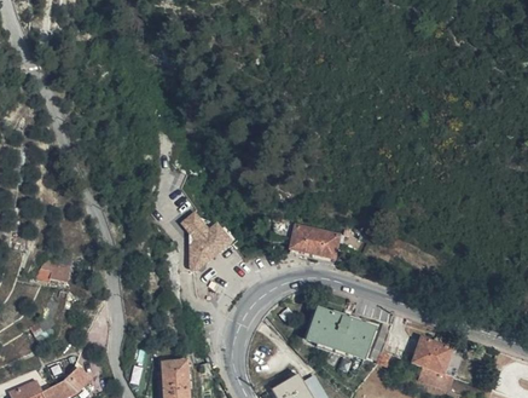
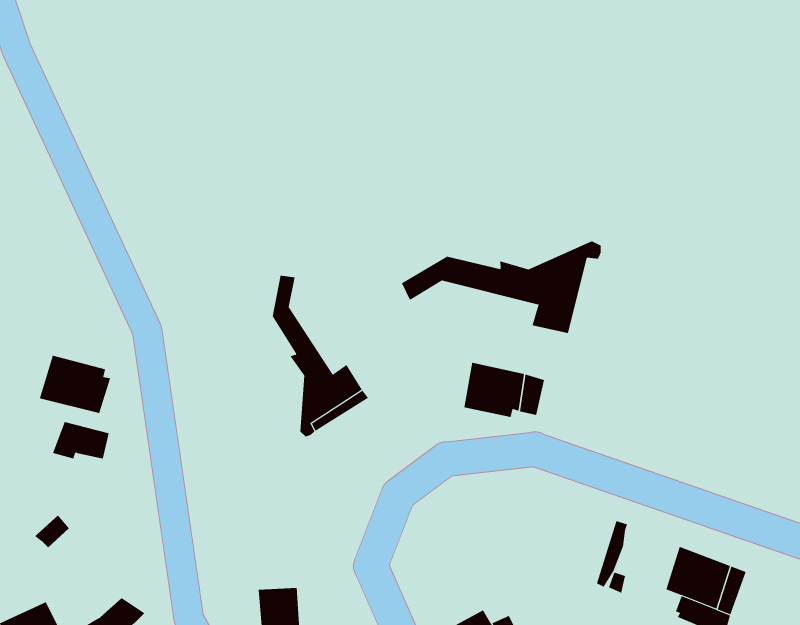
building: none -> [401,241,601,334]
building: none -> [39,355,111,414]
building: [303,304,372,358] -> none

